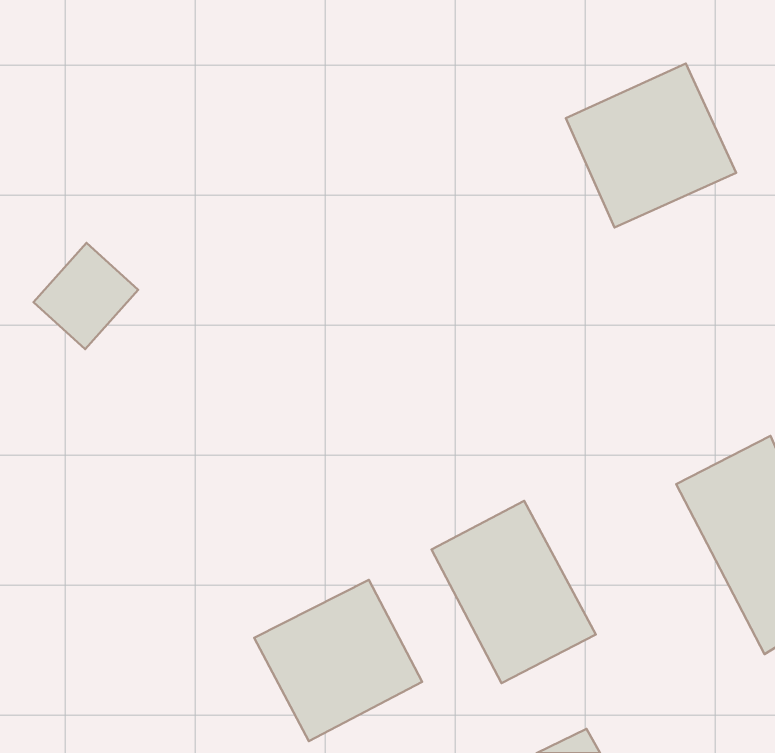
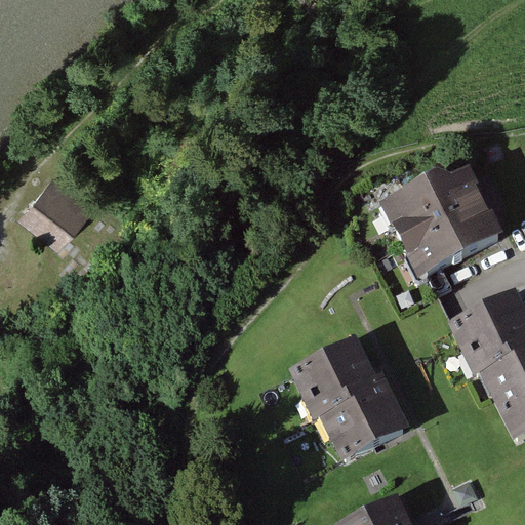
building: [566,63,736,227] -> [381,163,496,274]
building: [254,580,422,741] -> none

